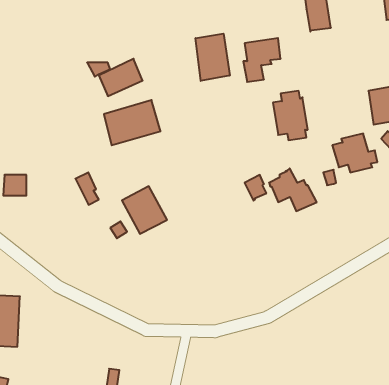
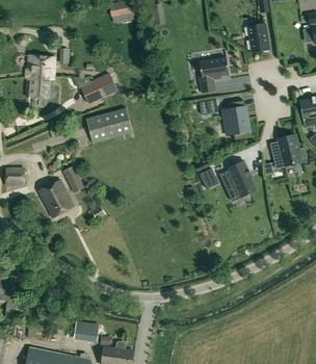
building: [196,34,230,81] -> none
building: none -> [25,55,54,99]
building: [122,186,167,234] -> [37,180,74,218]

